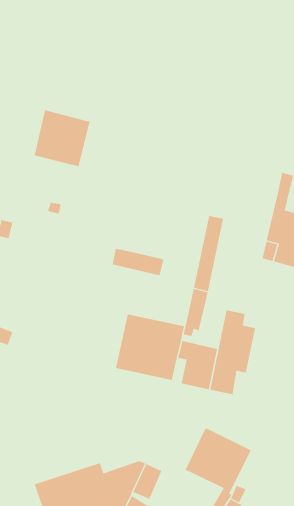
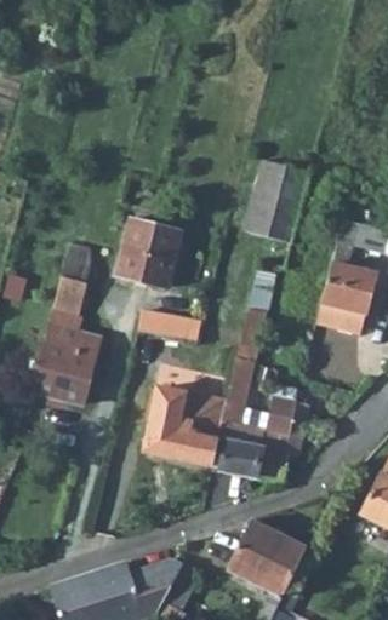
building: [34,109,90,167] -> [115,218,182,286]
building: none -> [244,157,309,241]
building: none -> [34,275,101,403]

